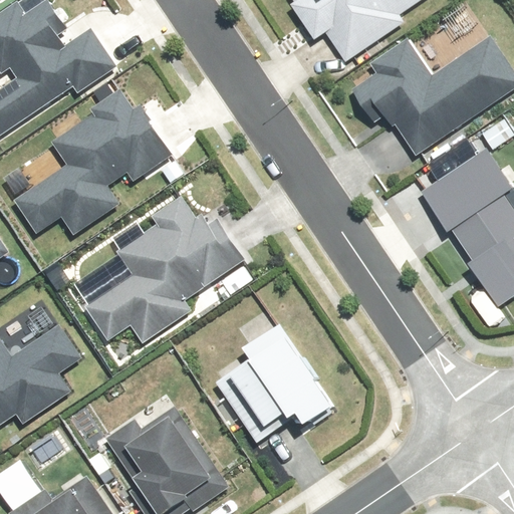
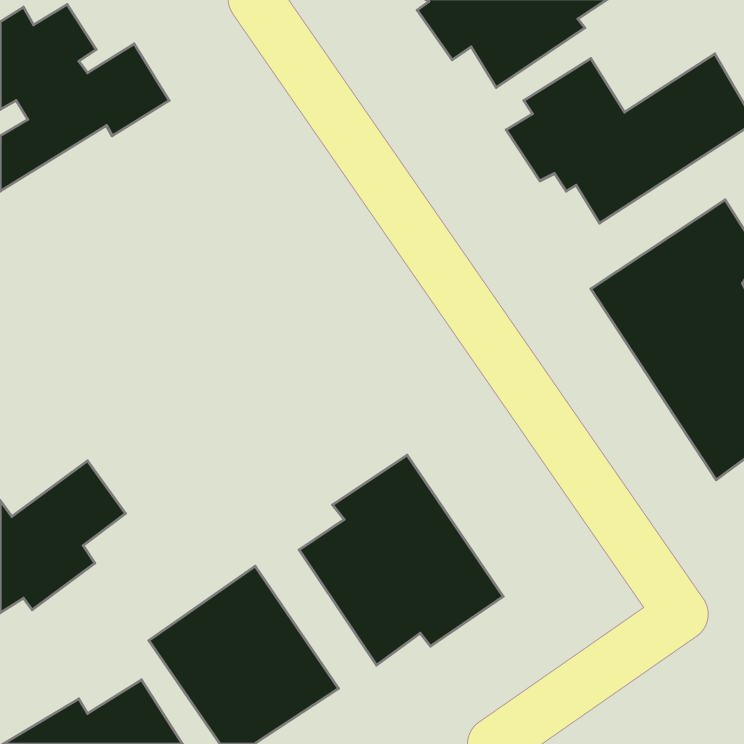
building: [12,93,172,236] -> none
building: [84,199,244,345] -> none

